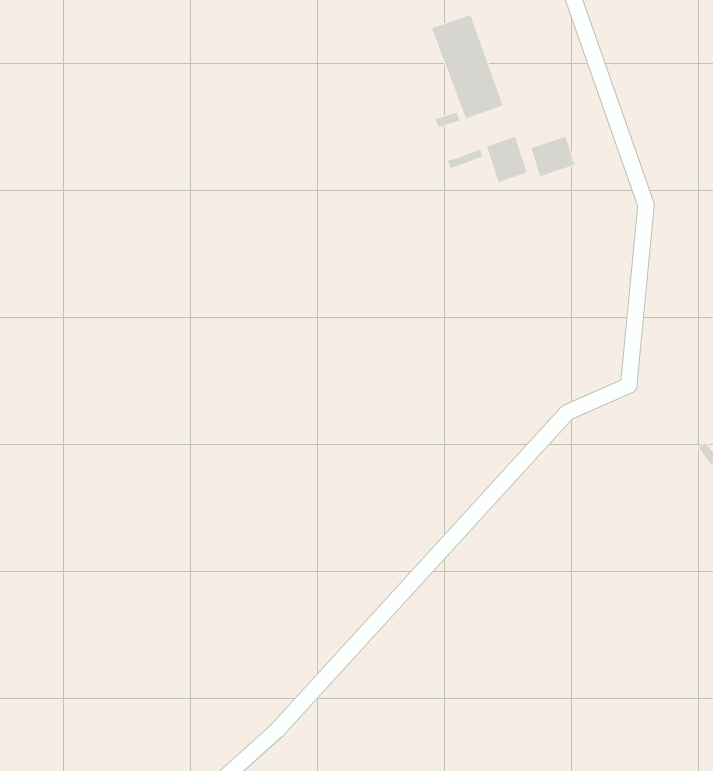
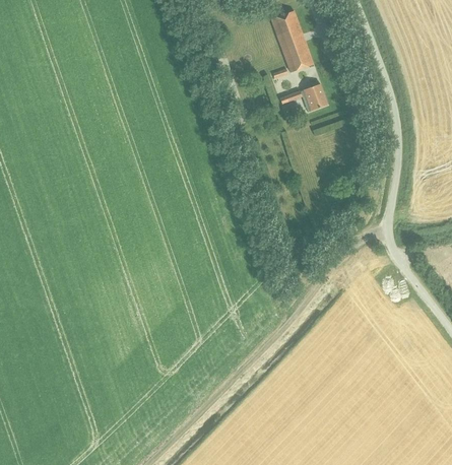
building: [531,136,575,177] -> none

